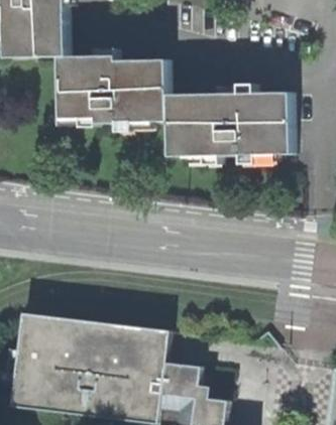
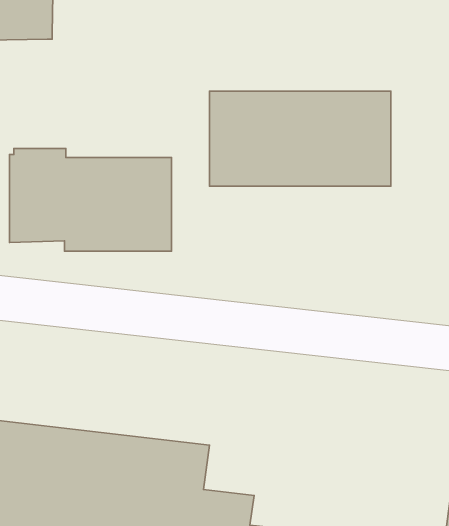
building: [59,52,169,122] -> [9,149,171,251]

